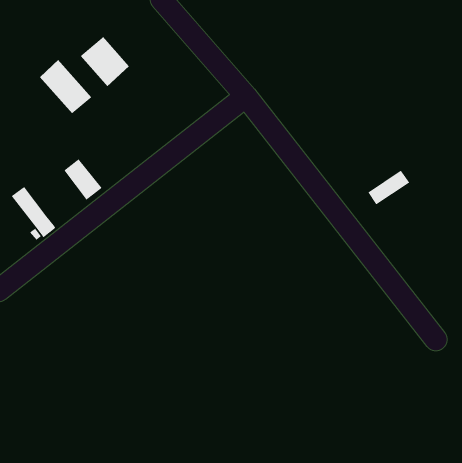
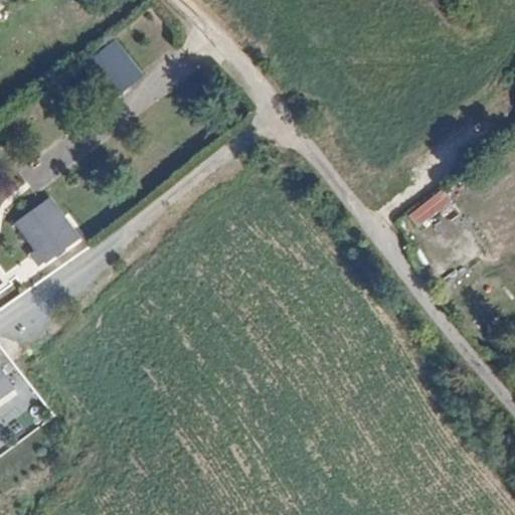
building: [39,59,92,114] -> none
building: [63,159,102,200] -> [27,193,70,239]

